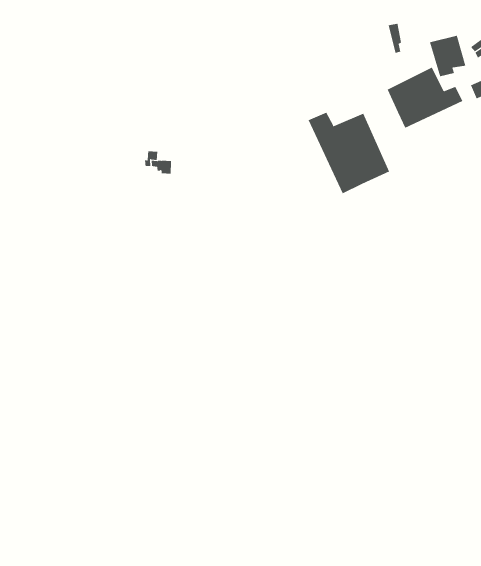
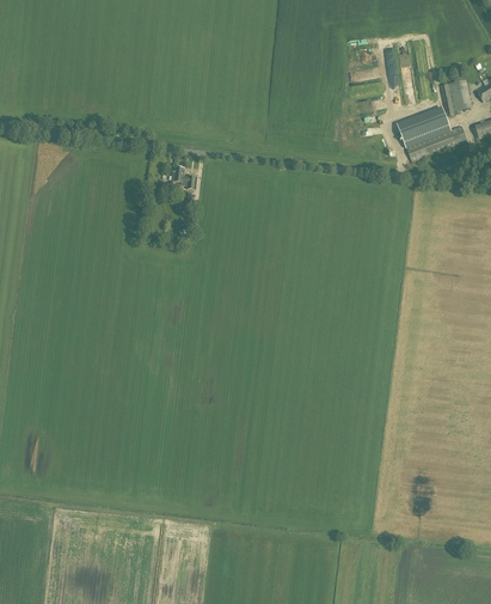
building: [308,112,390,194] -> none

